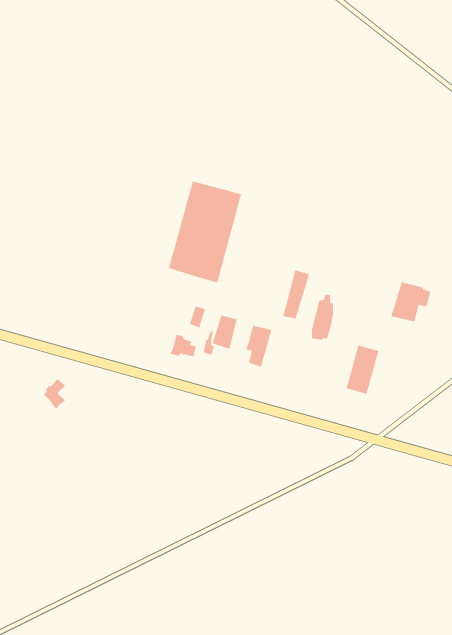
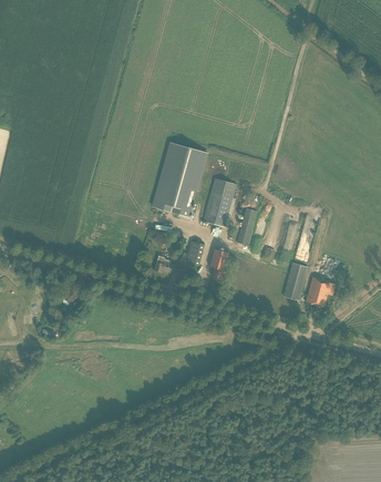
building: none -> [202,177,235,227]
building: [391,281,431,322] -> [305,276,334,306]

